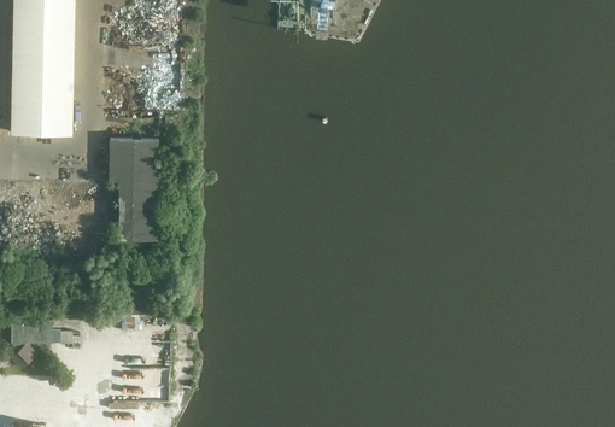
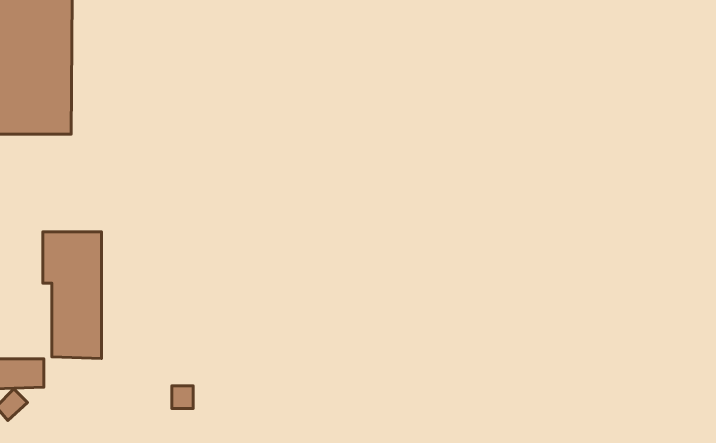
building: [110,135,157,236] -> [43,232,102,358]

